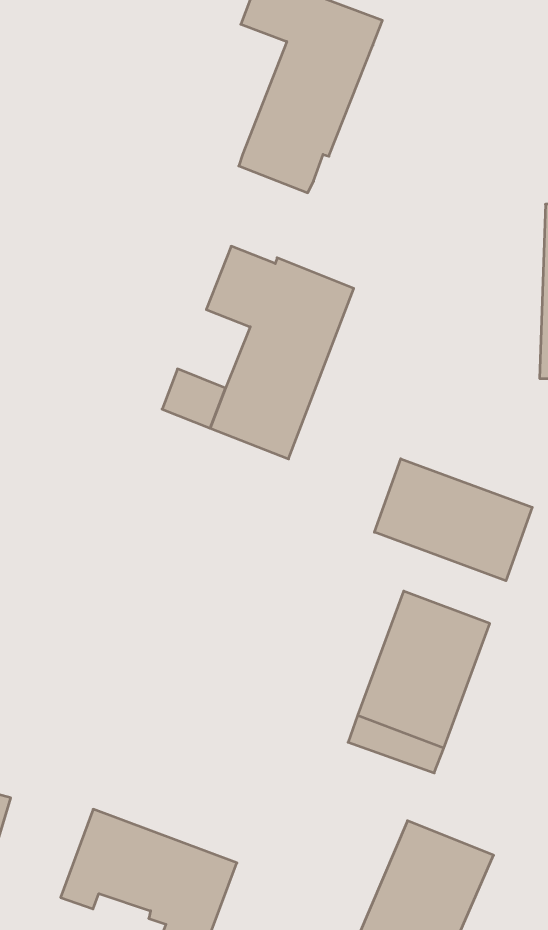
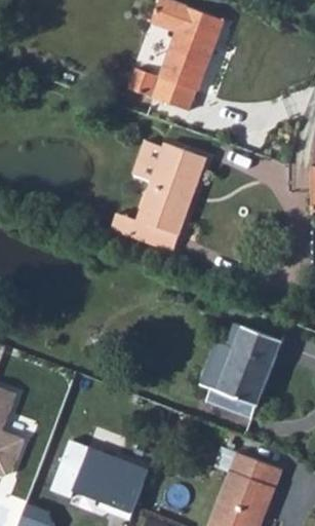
building: [374,459,532,581] -> none

